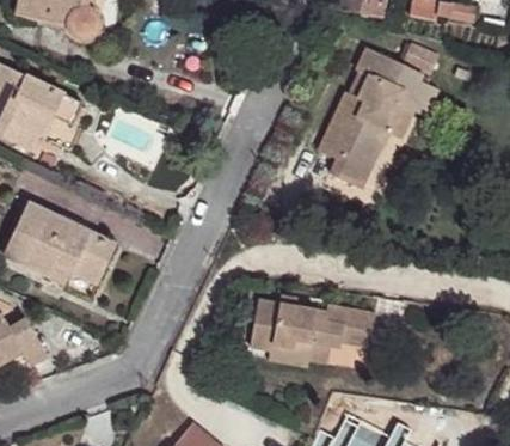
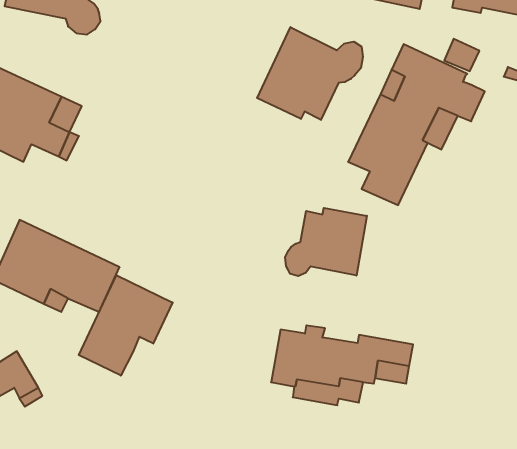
building: none -> [257,27,363,120]
building: none -> [285,208,367,276]
building: none -> [79,275,173,376]

